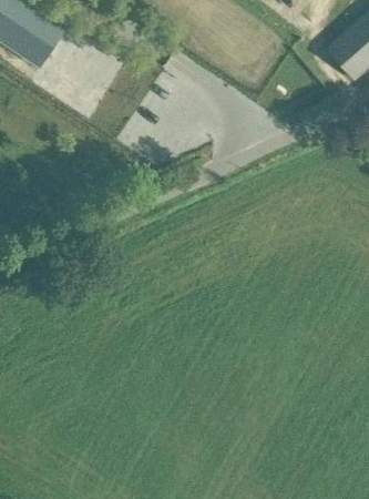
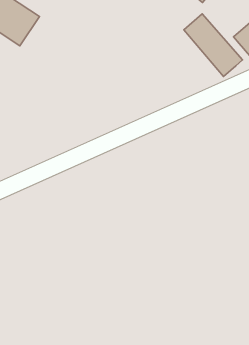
building: none -> [184,14,242,77]

